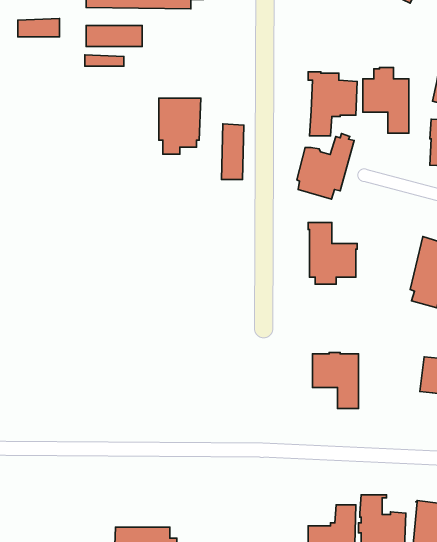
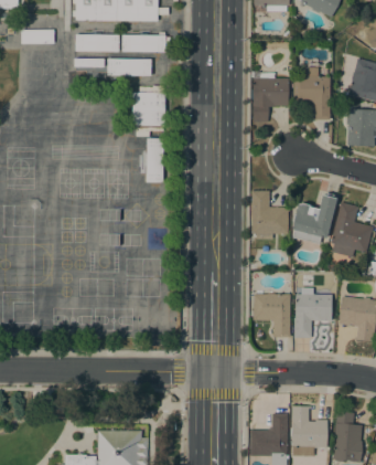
building: none -> [121,34,165,52]
building: none -> [107,59,151,77]
building: [221,124,244,180] -> [146,137,163,181]
building: [297,134,354,199] -> [292,192,337,244]
building: none -> [293,287,333,337]

